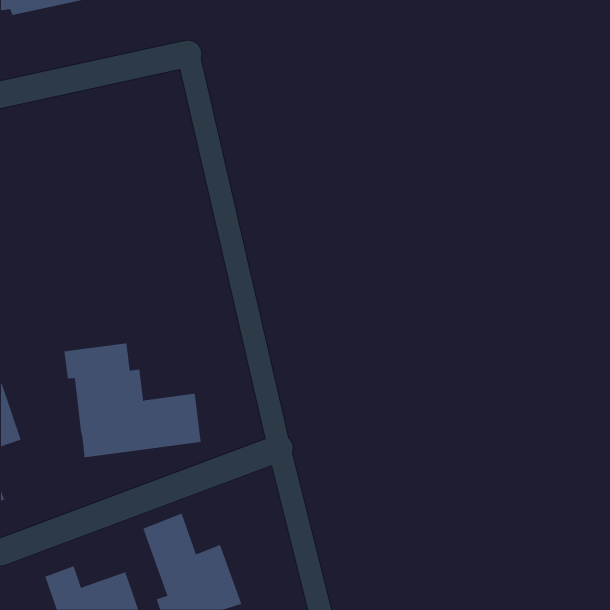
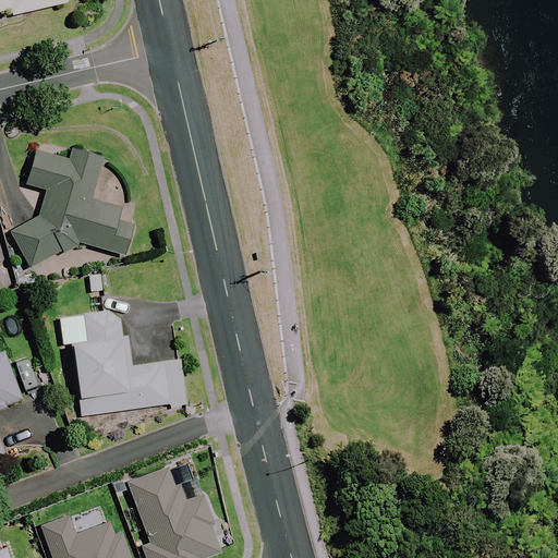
building: none -> [12,150,132,263]

